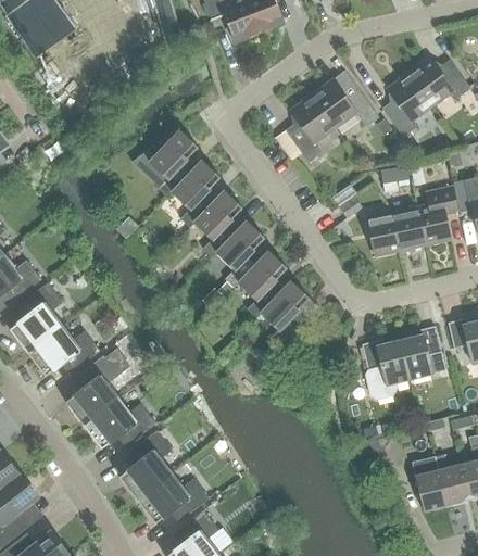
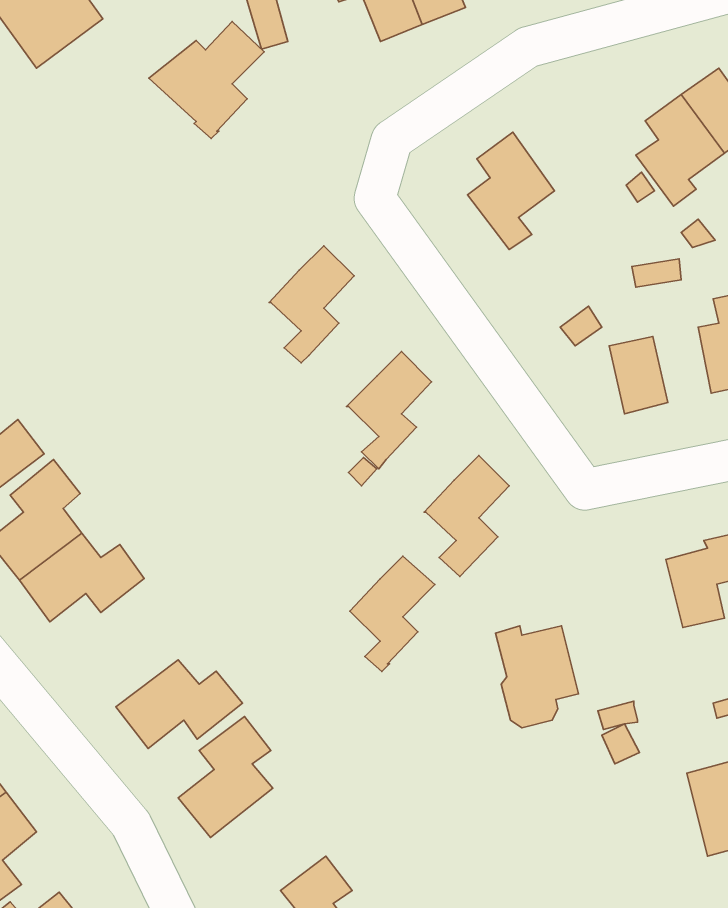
building: [312,77,379,128] -> none
building: [133,129,199,197] -> [149,21,264,139]
building: [194,190,243,257] -> none
building: [392,206,426,250] -> none
building: [239,251,288,317] -> [350,556,435,672]
building: [362,340,410,399] -> [495,626,579,728]
building: [66,348,133,425] -> none
building: [138,471,210,523] -> none

